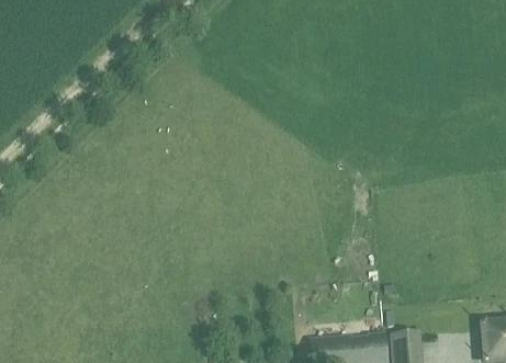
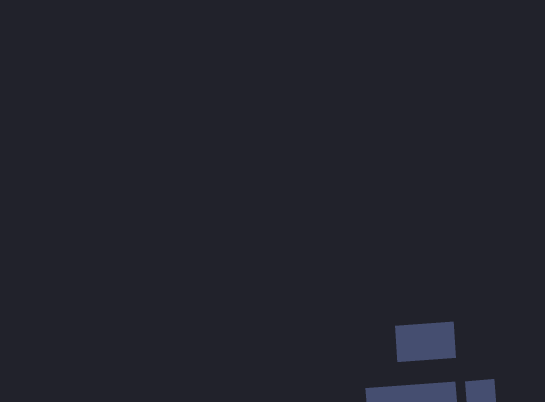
building: none -> [395,321,456,363]

